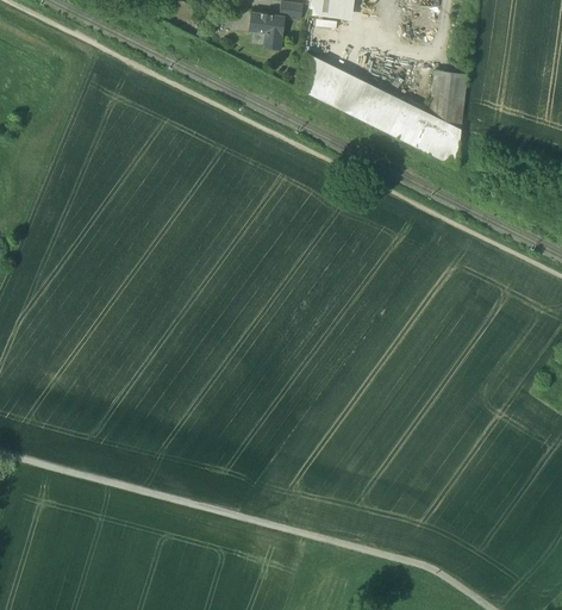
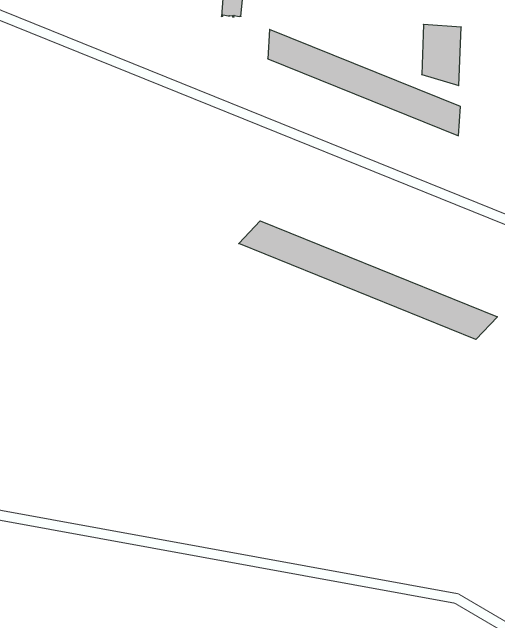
building: none -> [239,221,497,339]

